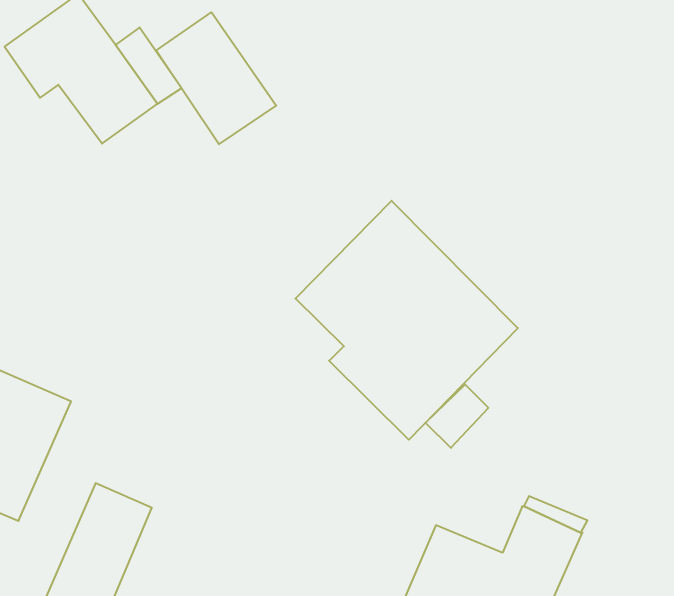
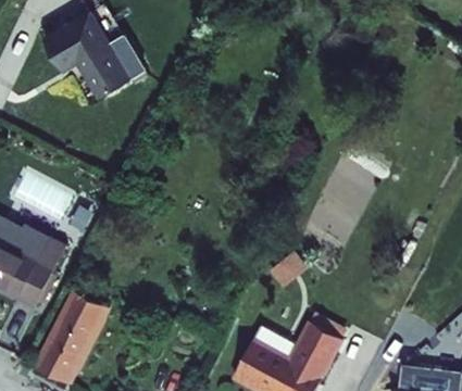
building: [156,12,276,144] -> none
building: [295,201,518,440] -> none

